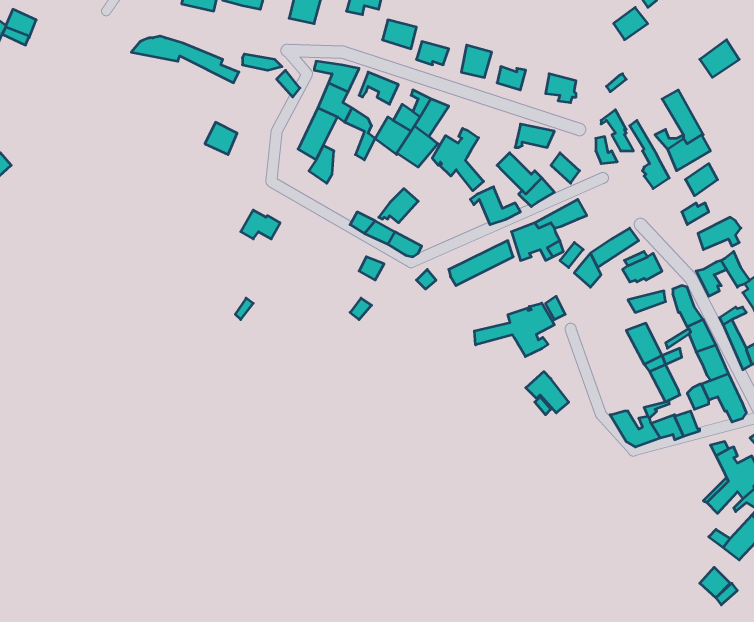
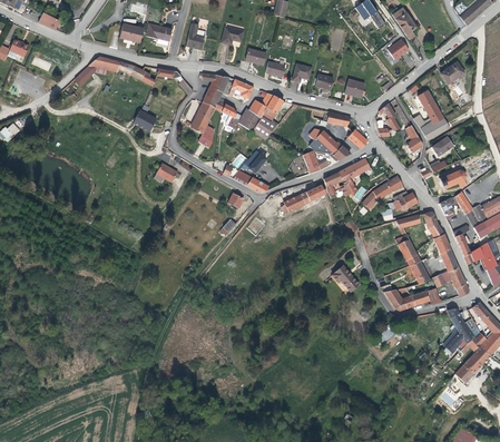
building: [432,128,484,191] -> none
building: [474,303,554,357] -> none

